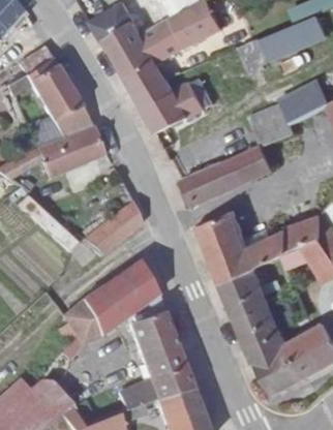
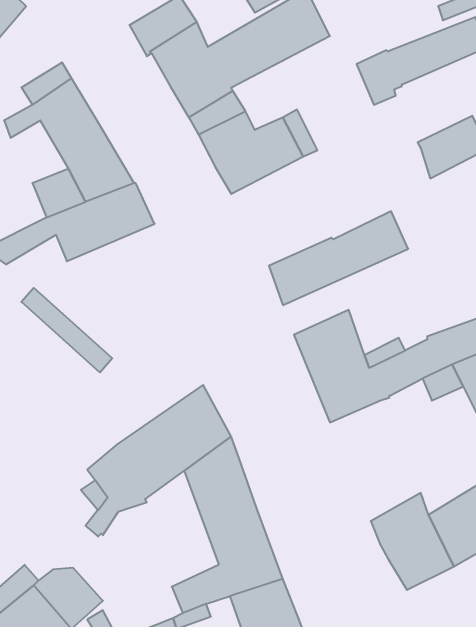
building: [250,103,295,146] -> none
building: [83,201,144,256] -> none
building: [223,270,283,349] -> none

